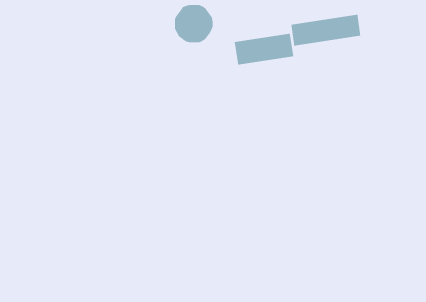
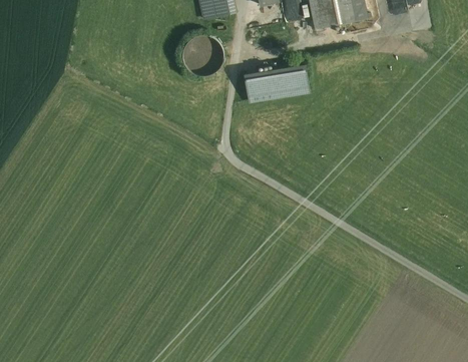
building: [291,14,361,46] -> none

